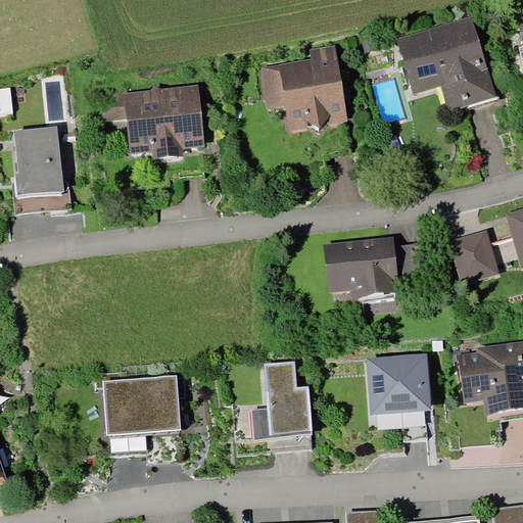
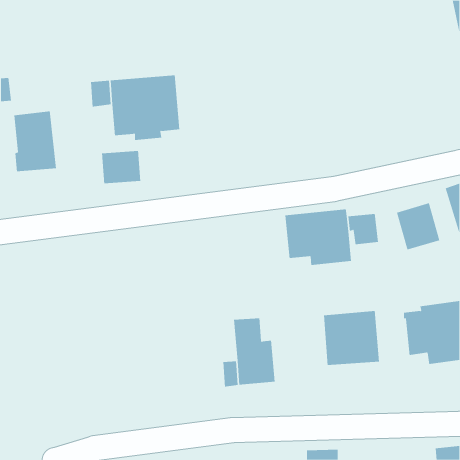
building: [397,15,496,109] -> none
building: [260,46,347,139] -> none
building: none -> [101,150,141,184]
building: [103,375,181,435] -> none

